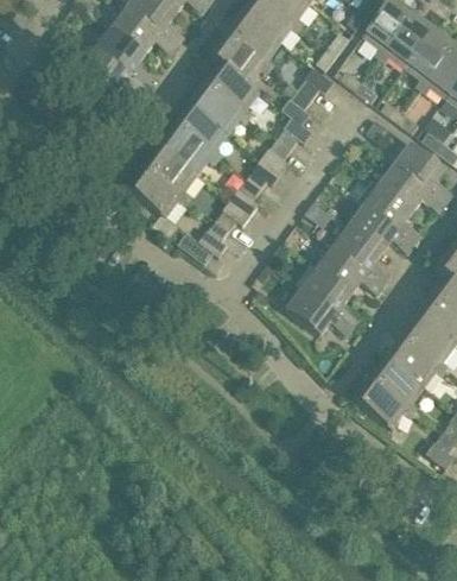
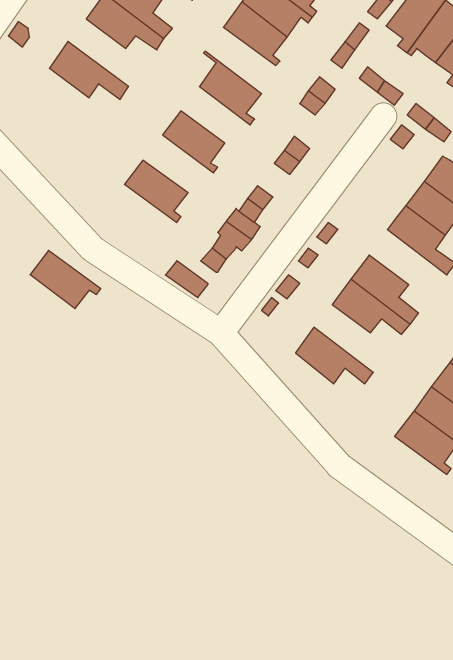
building: [96,27,153,84] -> none
building: [211,34,271,90] -> none
building: [191,84,249,132] -> none
building: [159,125,218,173] -> none
building: [128,166,188,215] -> [30,250,101,309]
building: [349,204,414,252] -> none
building: [296,261,360,324] -> none
building: [355,378,414,427] -> none

